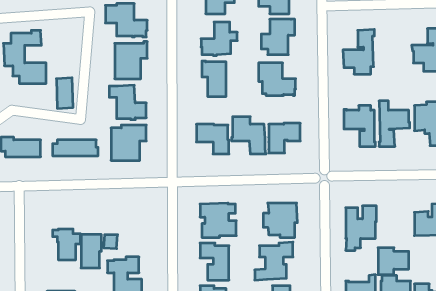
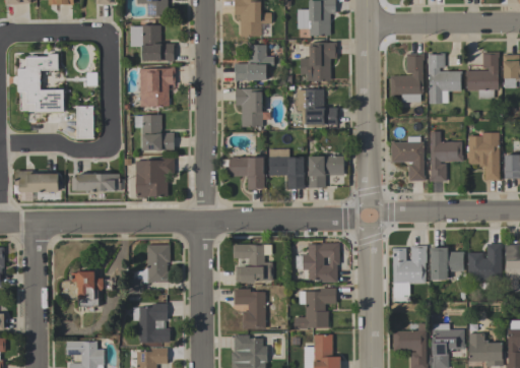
building: none -> [429,54,462,105]
building: [81,235,101,268] -> [147,245,170,282]
building: [378,248,409,275] -> [431,249,464,279]

